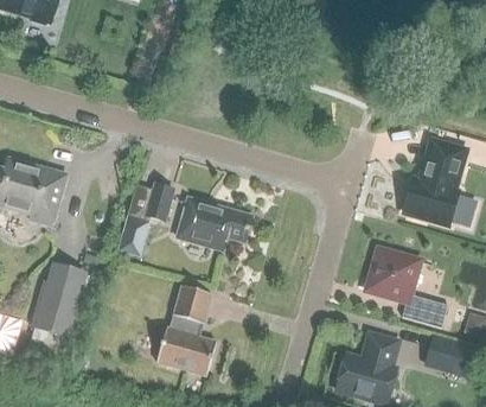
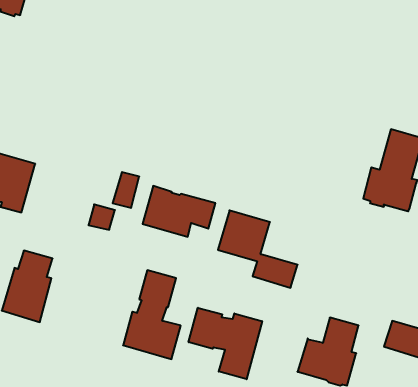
building: [366,248,448,327] -> [218,210,298,288]
building: none -> [189,308,262,379]

